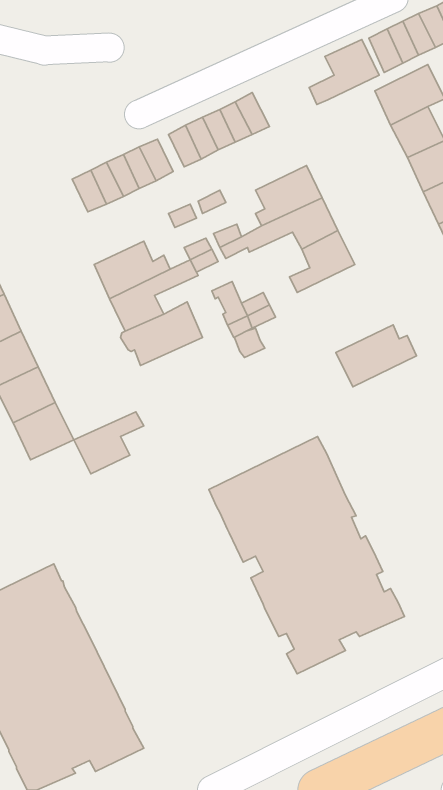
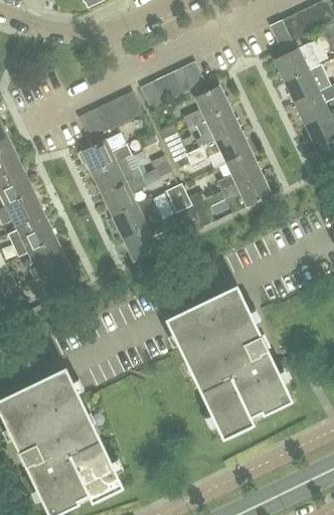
building: [309,39,379,105] -> [184,85,229,128]
building: none -> [77,133,131,173]
building: [336,325,416,387] -> [223,173,276,213]
building: [74,412,144,474] -> [122,220,167,261]

